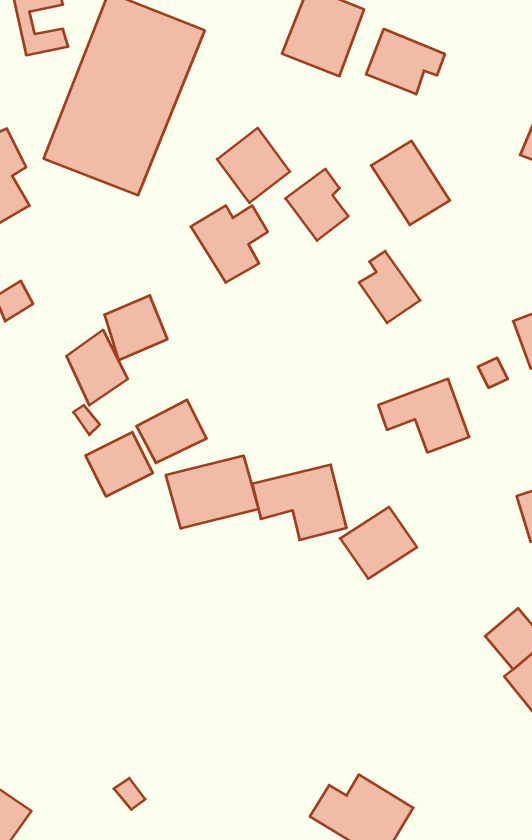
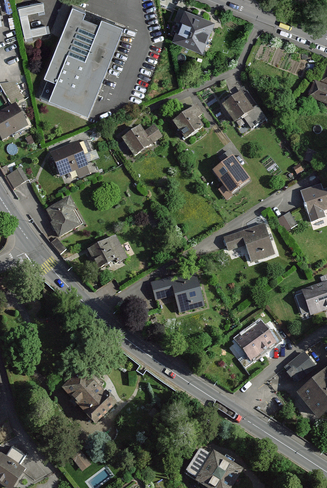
building: [366,29,445,94] -> none
building: [217,128,290,203] -> none
building: [104,295,167,360] -> [51,139,87,176]
building: [86,432,153,496] -> none
building: [166,456,258,529] -> none
building: [340,507,417,579] -> [234,321,278,362]
building: none -> [59,365,118,424]

